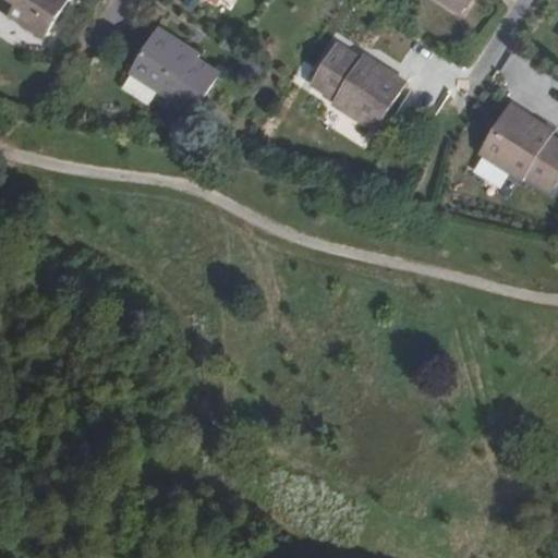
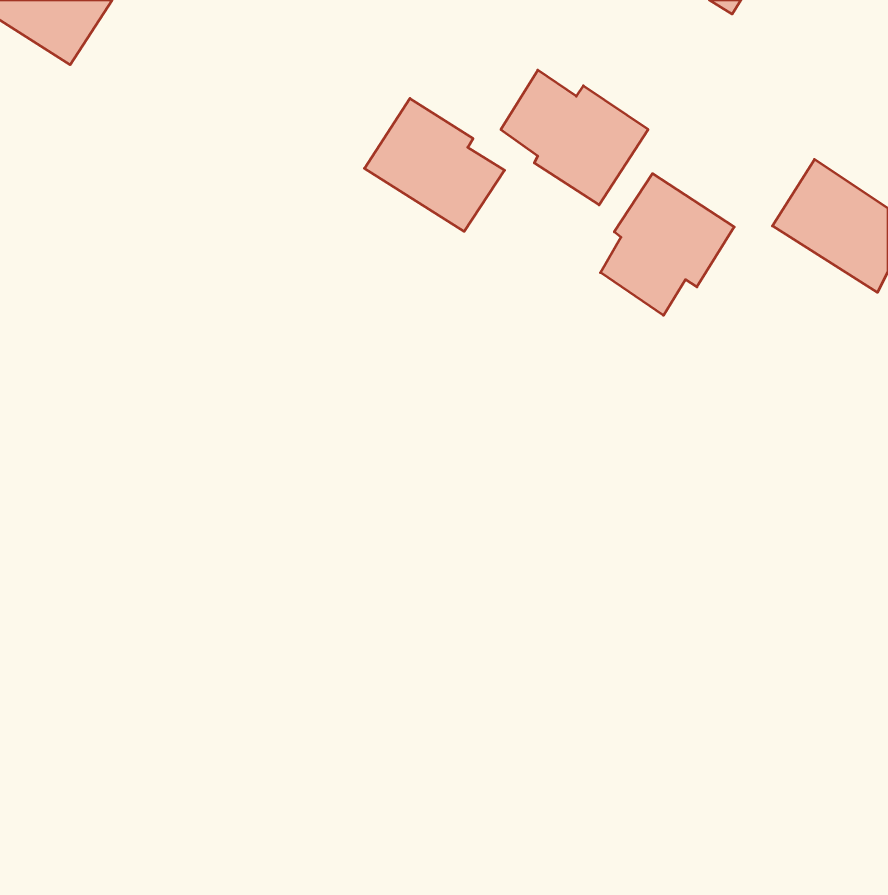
building: [129,26,216,109] -> [364,98,505,231]
building: none -> [600,174,734,315]

